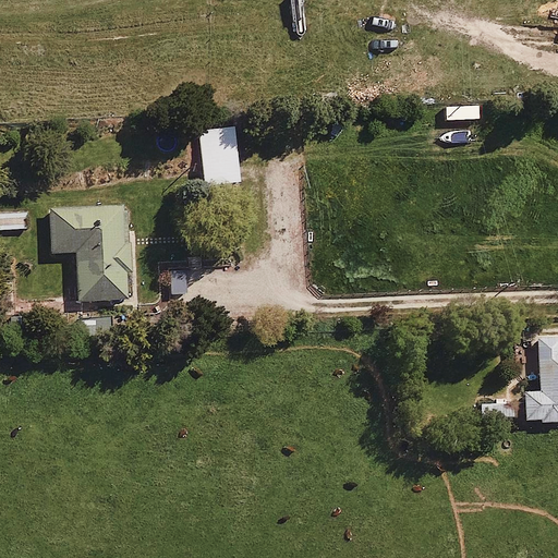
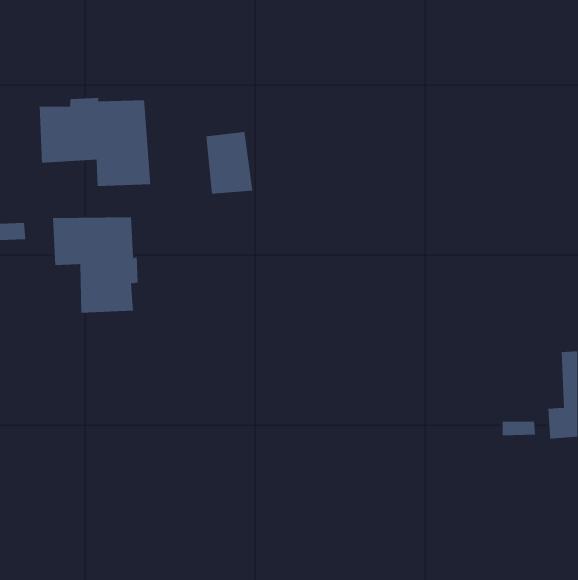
building: none -> [39,97,151,187]

